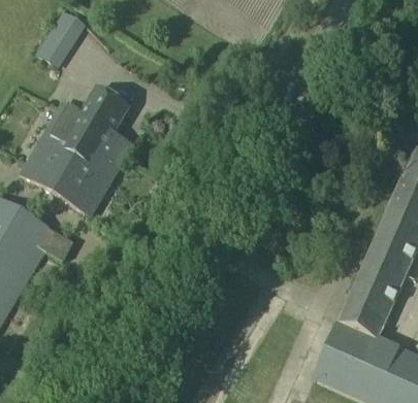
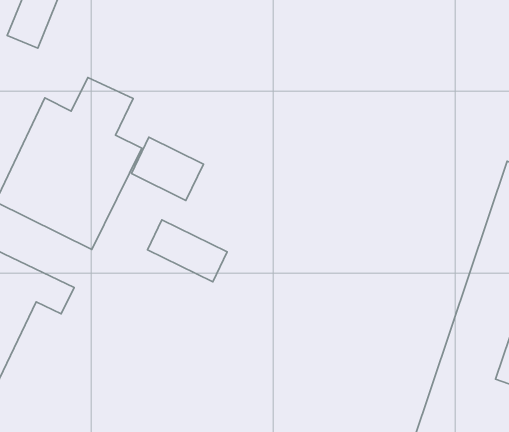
building: none -> [131,137,203,200]
building: none -> [148,220,227,282]

